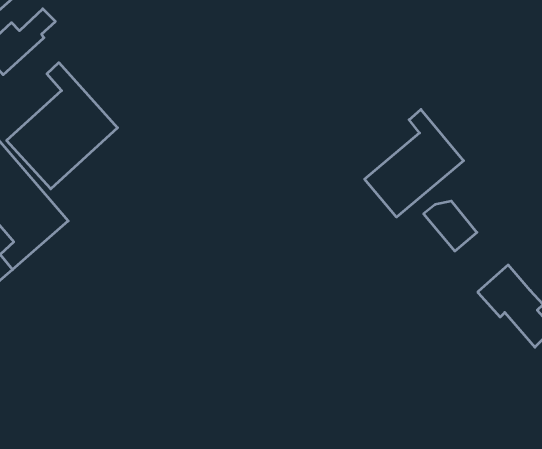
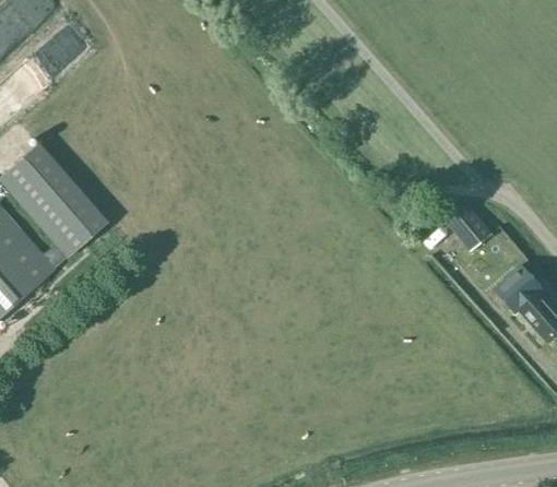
building: [7,63,118,189] -> none
building: [365,109,464,217] -> none

